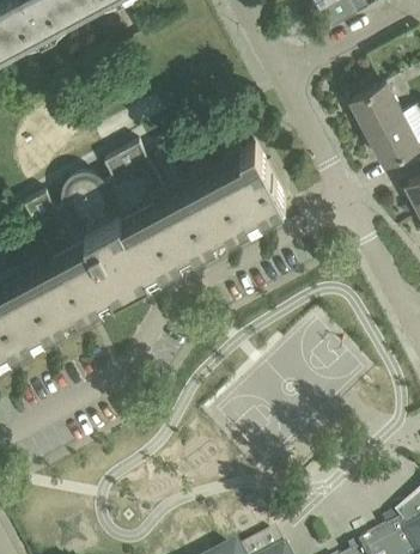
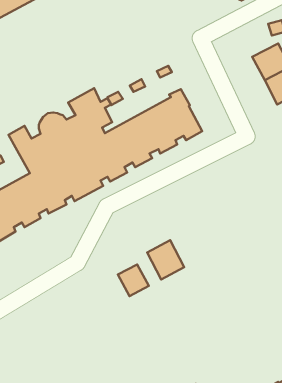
building: none -> [147,240,184,280]
building: none -> [118,265,149,296]

